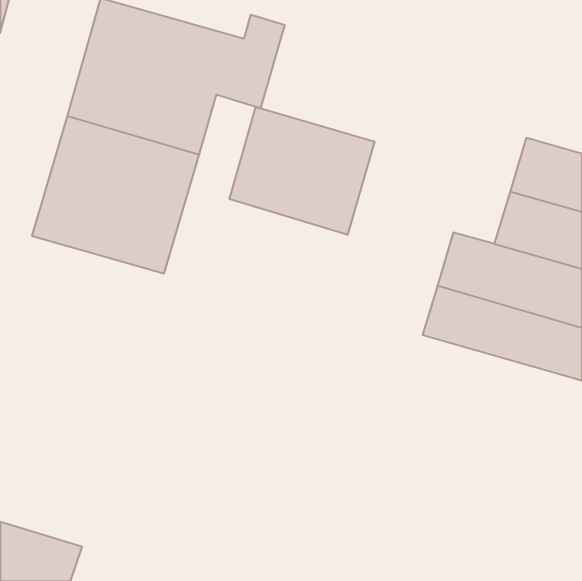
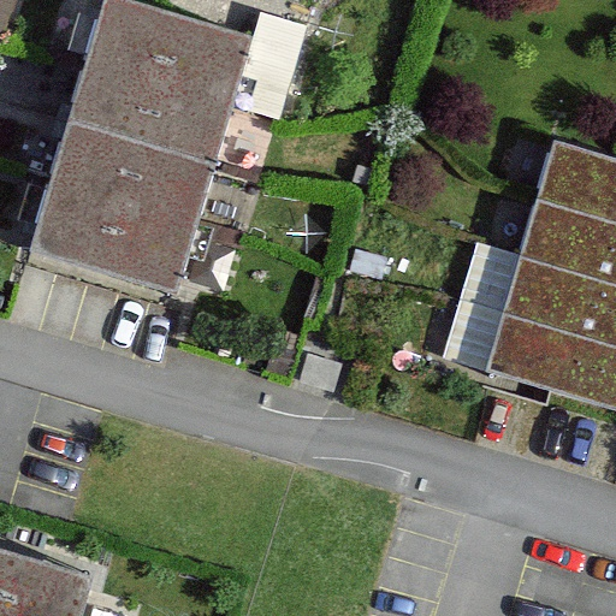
building: [229,107,375,235] -> none

